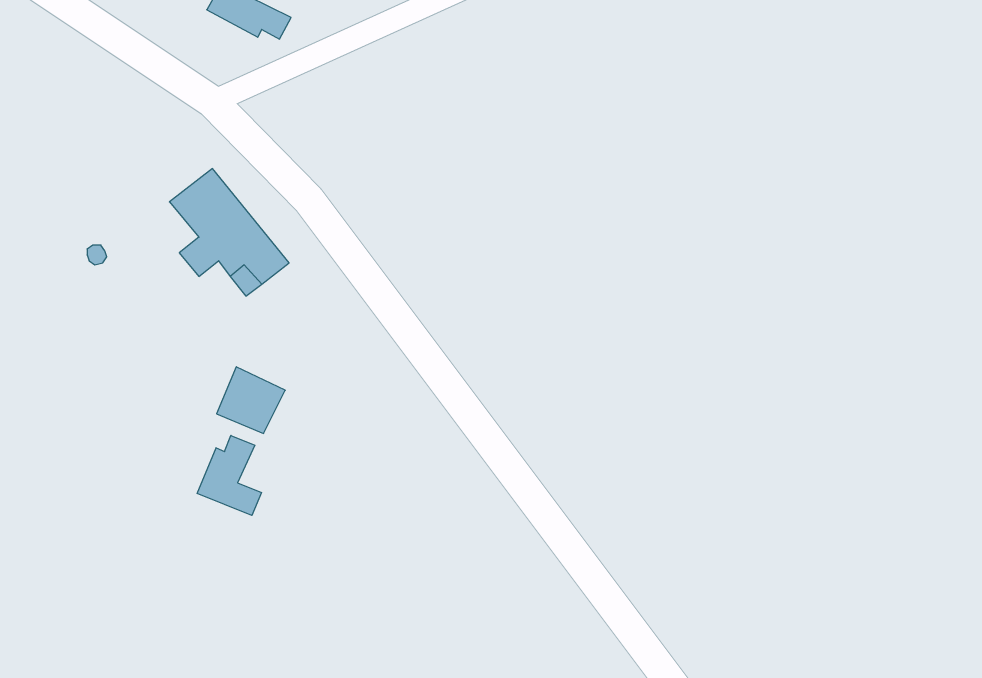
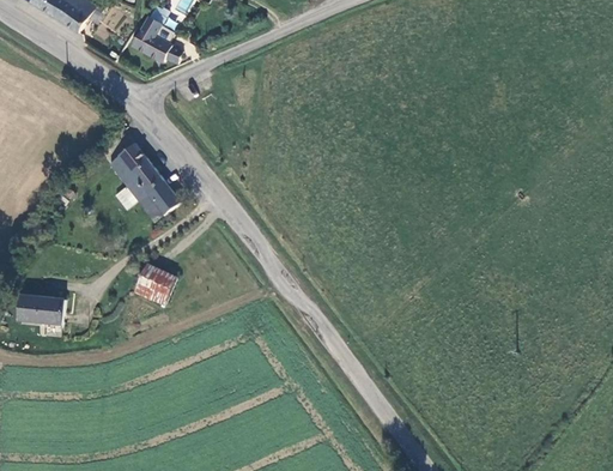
building: none -> [16,295,63,326]
building: [197,435,261,515] -> none

